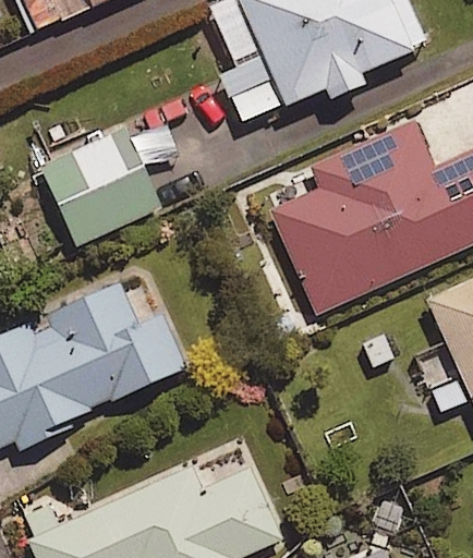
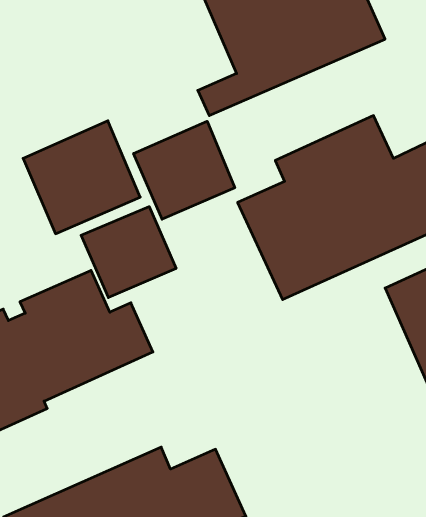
building: none -> [134,121,235,219]
building: none -> [81,207,176,298]

